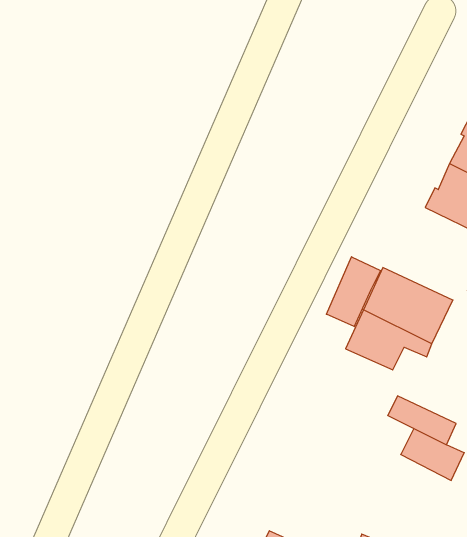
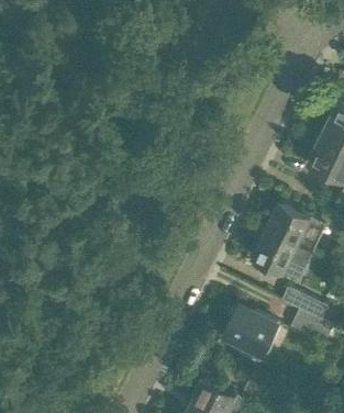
building: [326,257,380,327] -> none
building: none -> [223,303,278,364]

